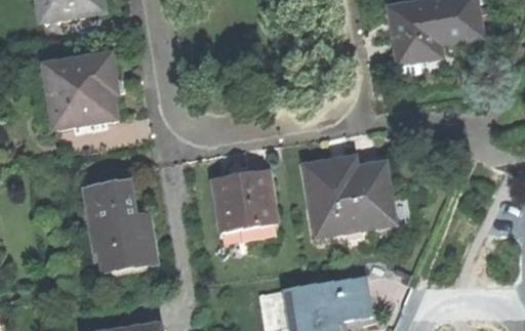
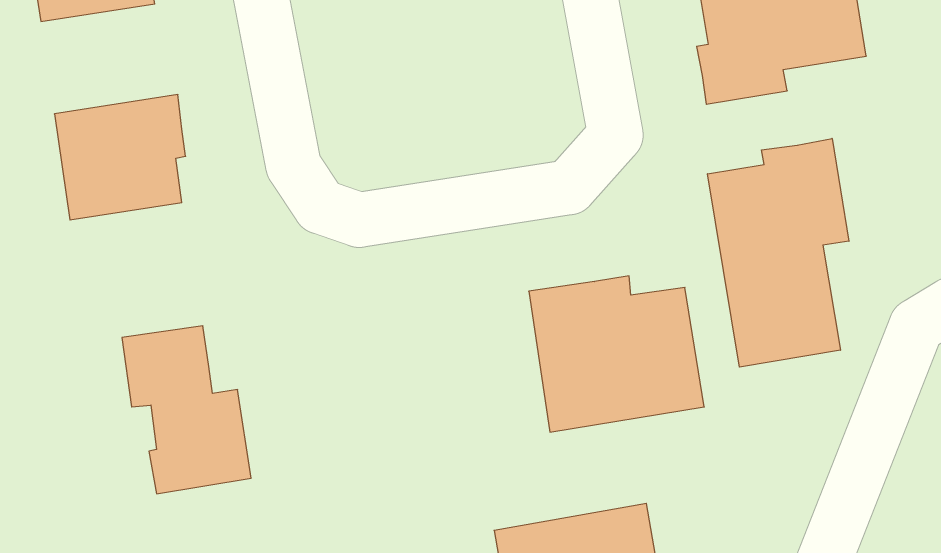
building: none -> [708,138,849,367]
building: [212,170,277,232] -> none

